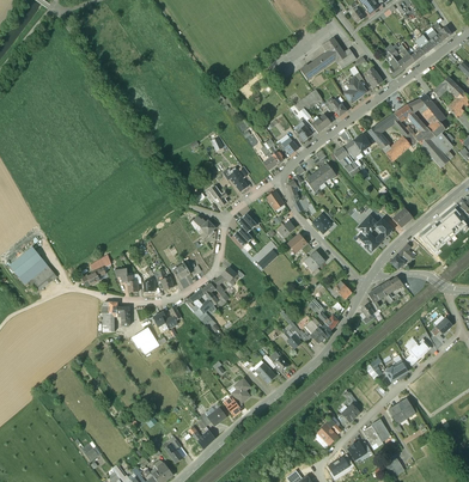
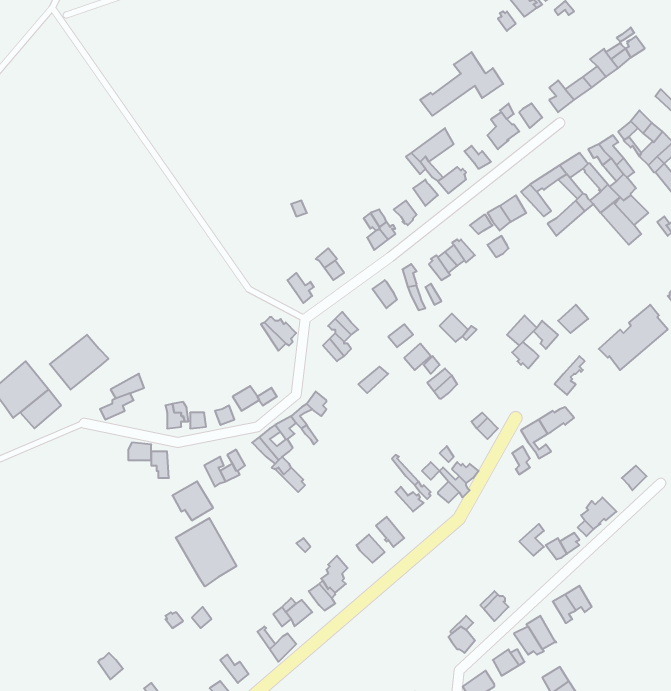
building: none -> [50,335,108,390]
building: none -> [176,518,236,586]

